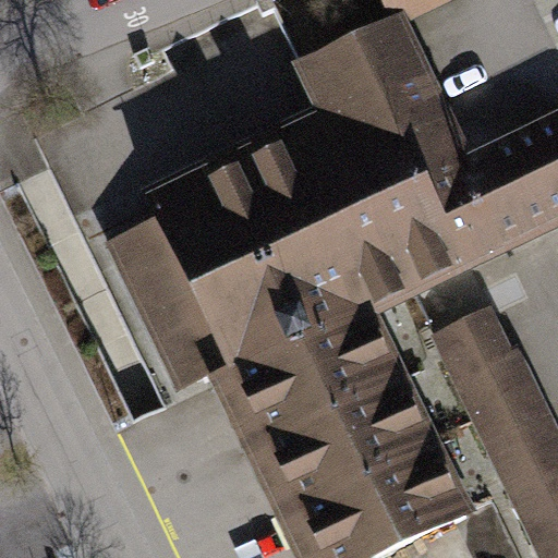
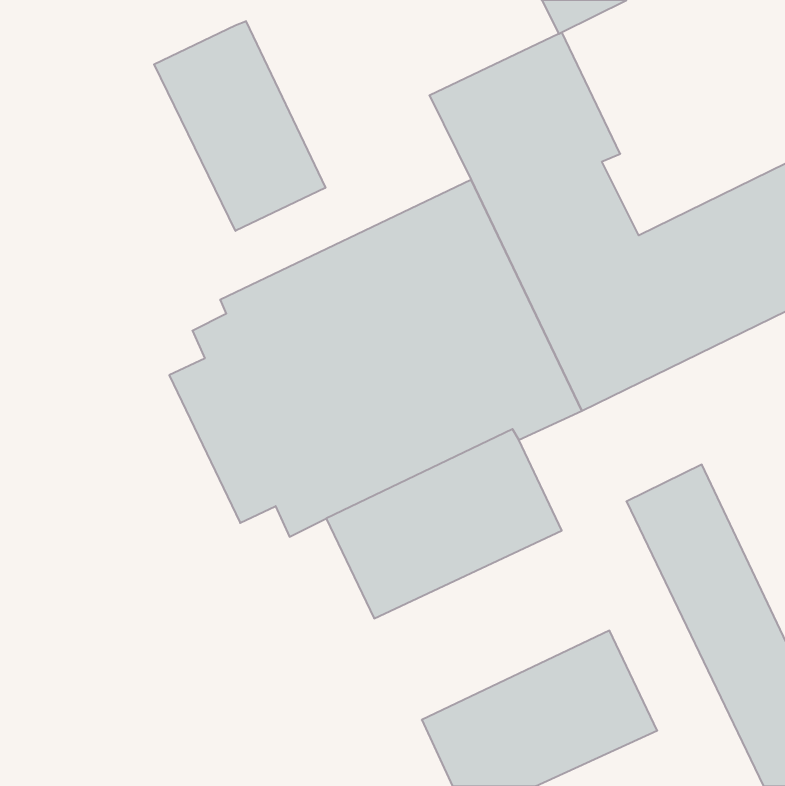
building: none -> [154,21,325,231]
building: [266,376,433,510] -> none

